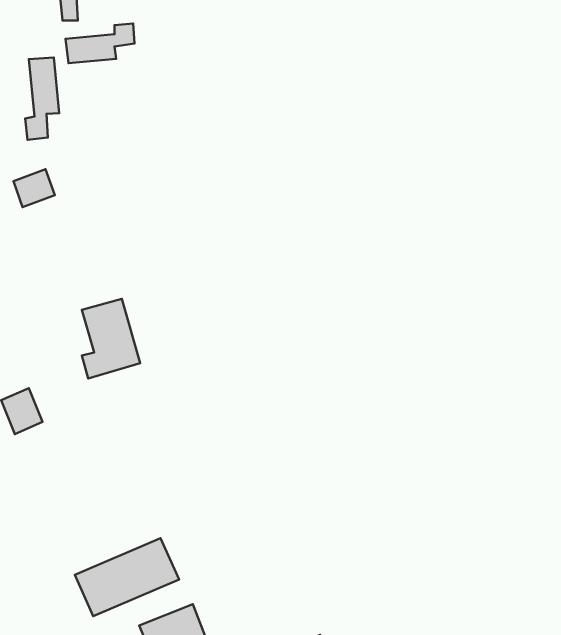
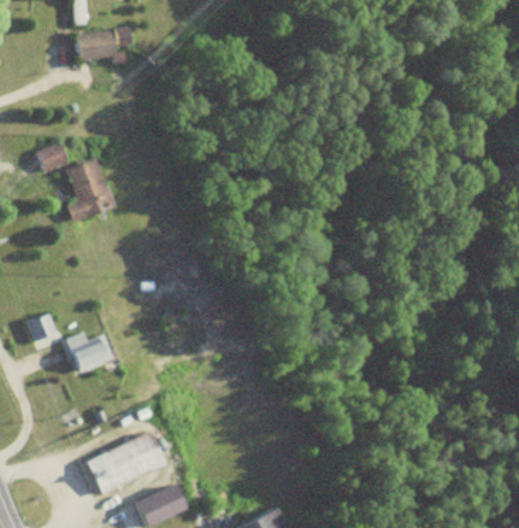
building: [25,58,59,140] -> none
building: [82,299,140,379] -> [67,159,113,222]
building: none -> [65,333,113,374]

